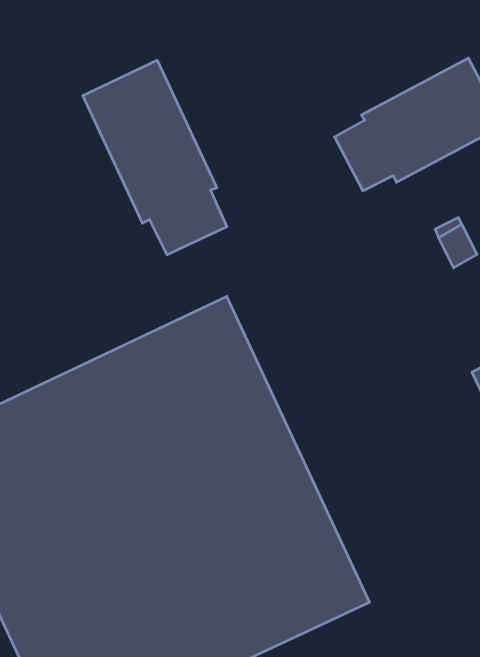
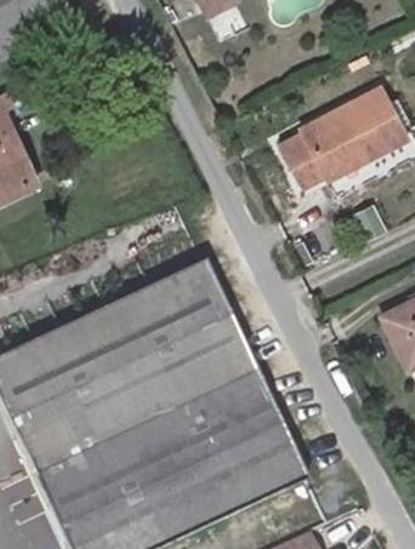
building: [83,60,227,255] -> none

